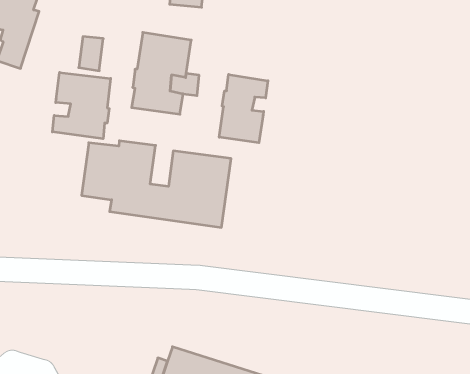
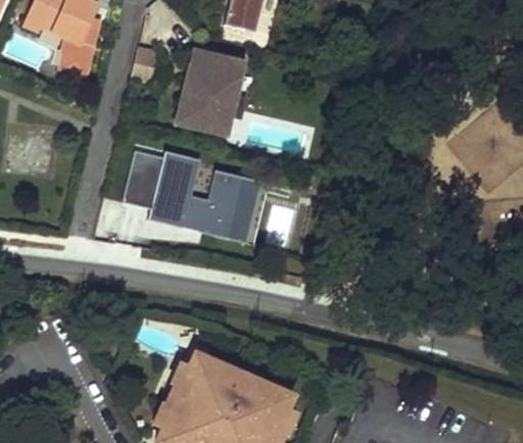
building: [52,72,111,139] -> none
building: [219,74,268,143] -> none

